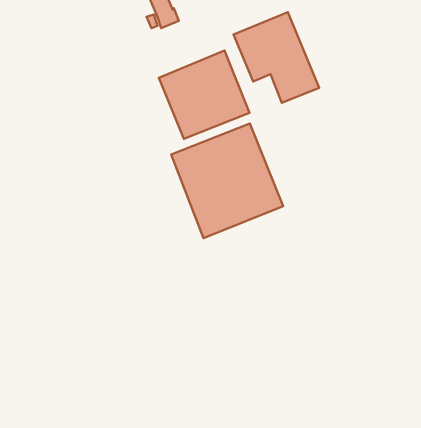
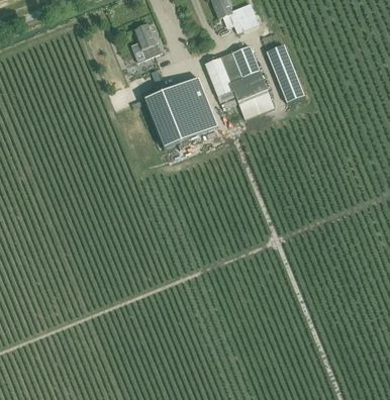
building: none -> [266,43,304,101]
building: [171,124,283,238] -> none

